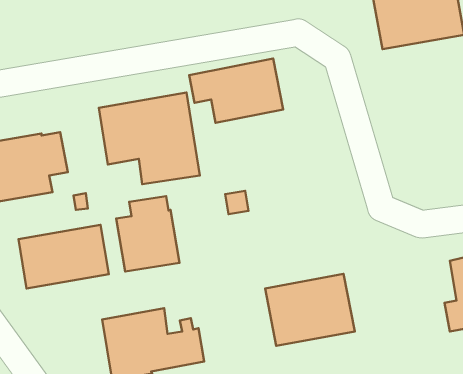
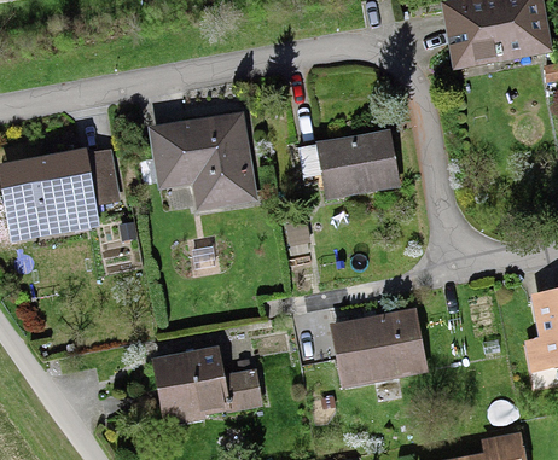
building: [189,59,283,123] -> [298,129,401,199]
building: [116,196,179,271] -> none
building: [19,225,109,288] -> none

